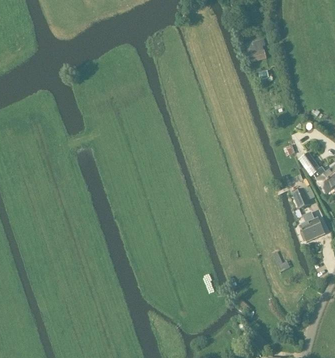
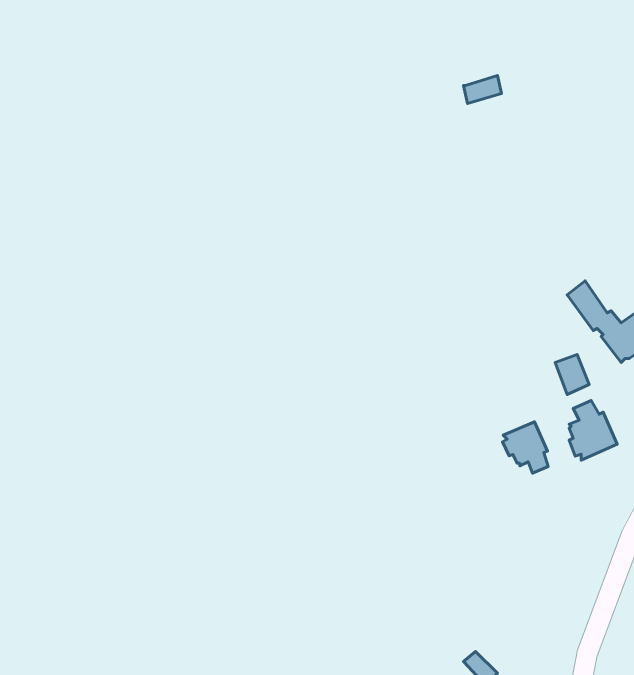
building: none -> [502,422,548,473]

